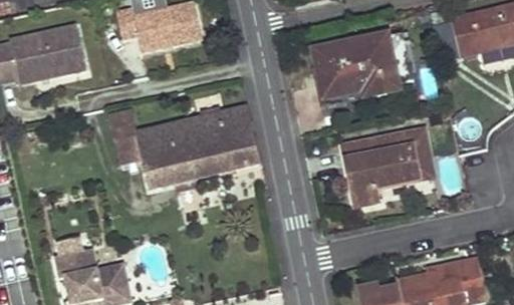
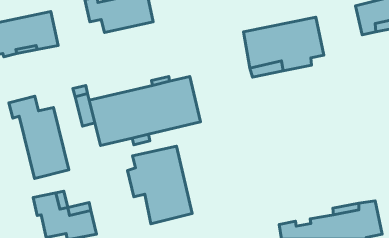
building: none -> [9,96,69,178]
building: [344,130,430,205] -> none
building: none -> [128,146,192,224]

